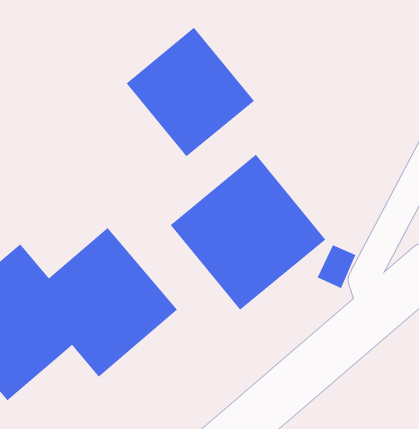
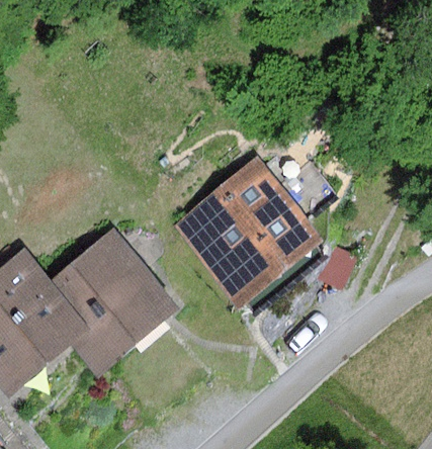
building: [126,27,255,157] -> none

